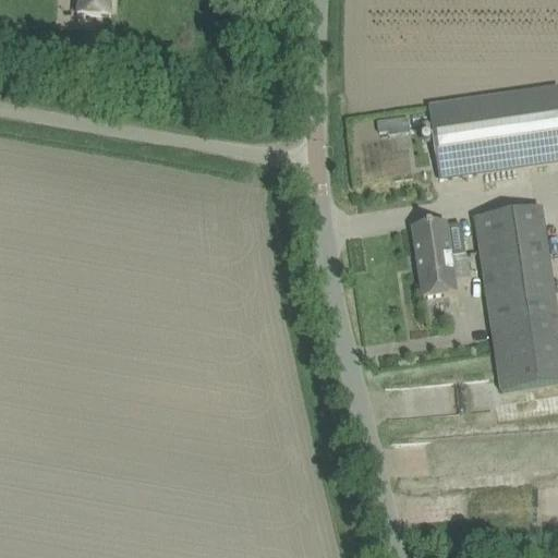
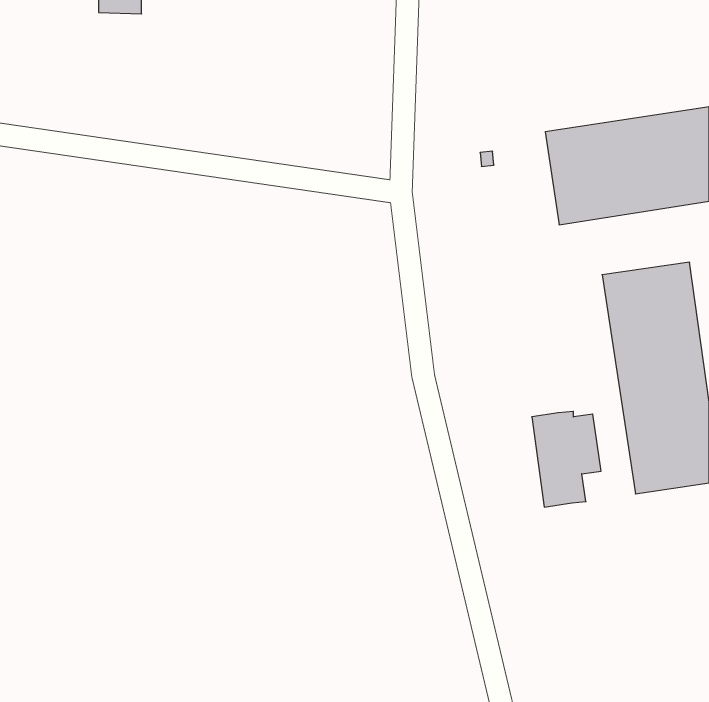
building: [413,220,468,295] -> [532,411,601,507]

